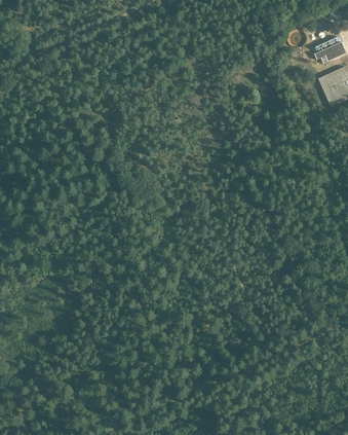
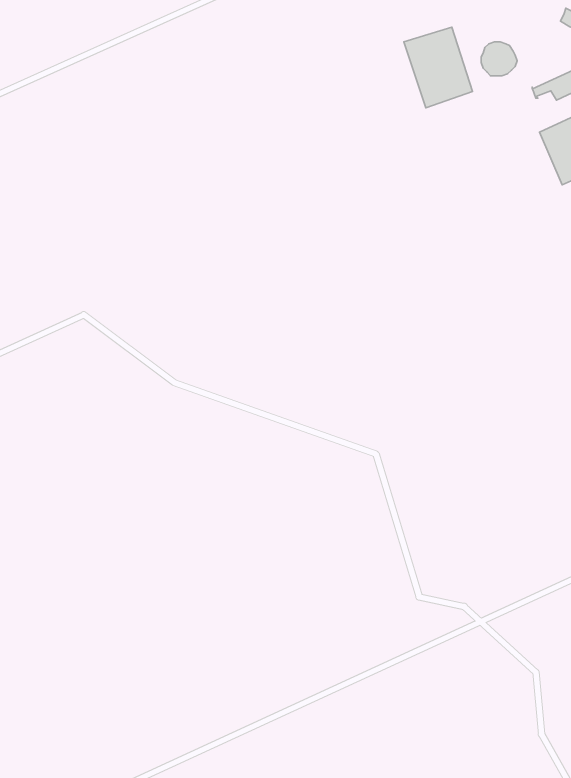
building: none -> [404,27,472,108]

